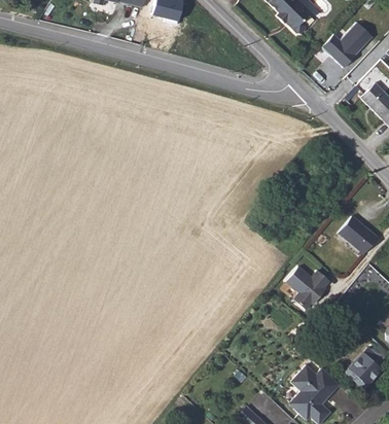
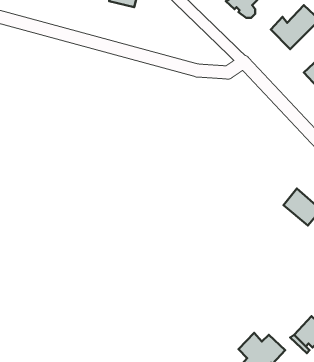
building: [286,266,330,309] -> none

